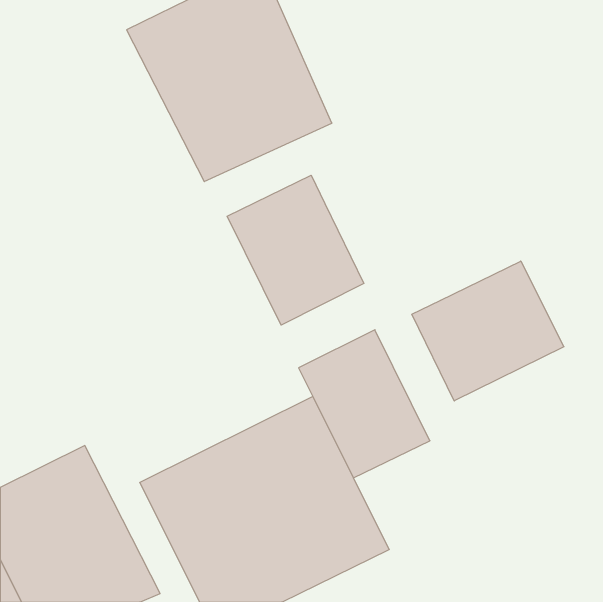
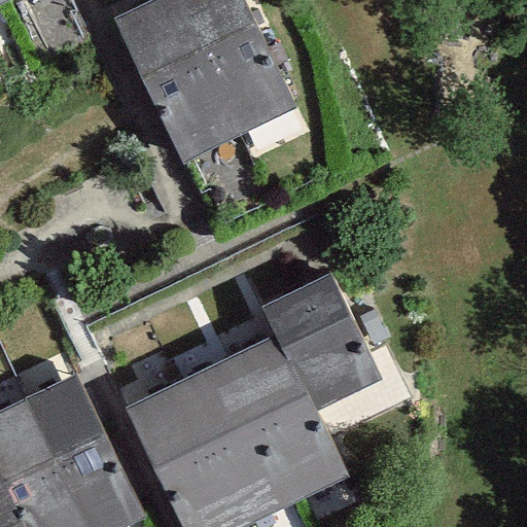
building: [227,175,364,325] -> none
building: [412,261,564,401] -> none

